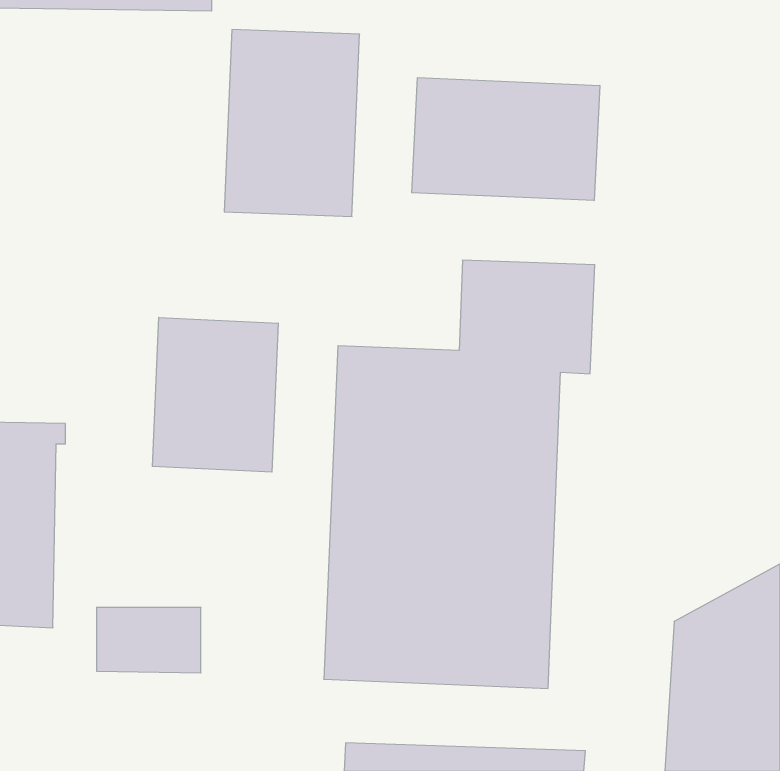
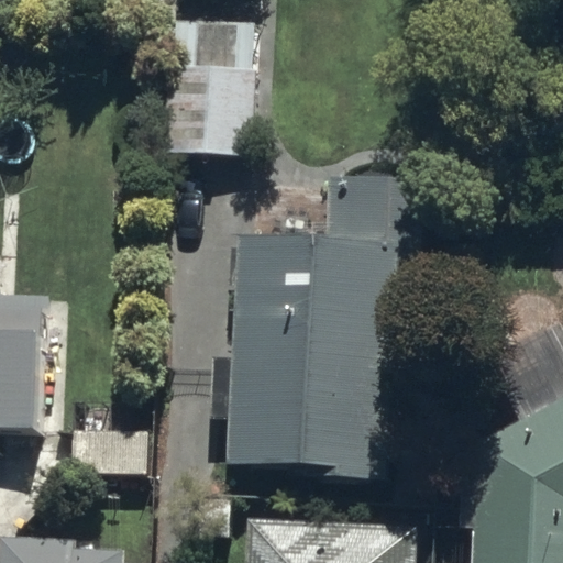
building: [412,78,600,201] -> none
building: [152,317,278,472] -> none

